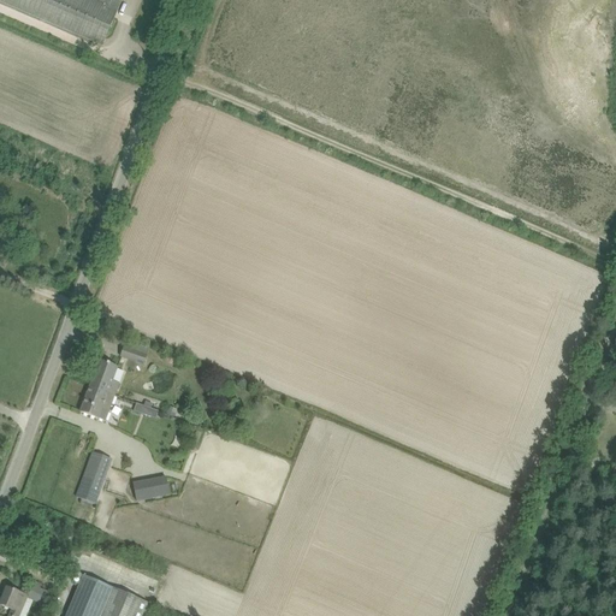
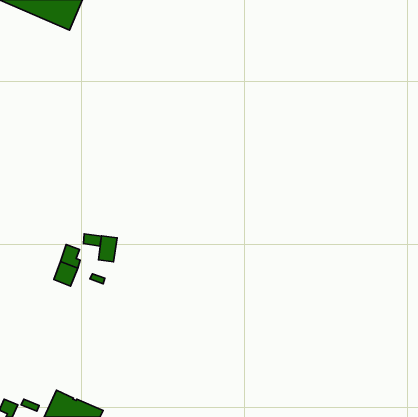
building: none -> [98,236,117,262]
building: [77,451,106,503] -> none
building: [135,474,173,500] -> none

